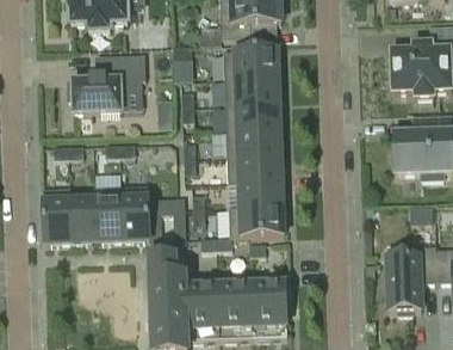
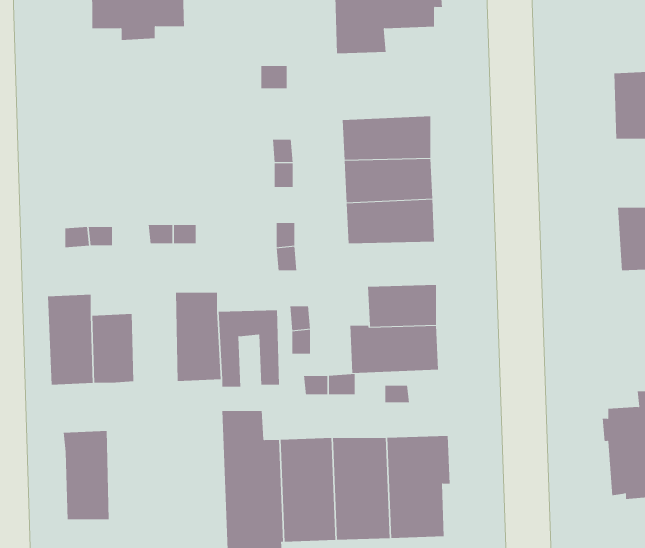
building: [224,49,279,80] -> none
building: [68,54,145,112] -> none
building: [228,155,283,184] -> none
building: [94,186,123,241] -> [63,431,109,520]

